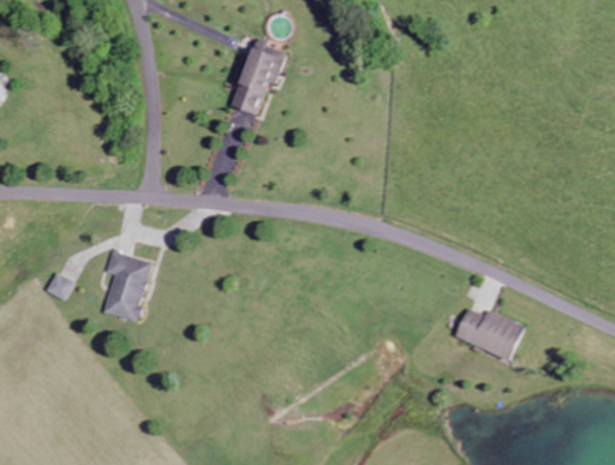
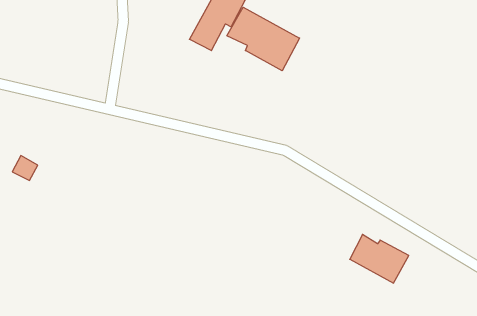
building: none -> [227,7,300,71]
building: [105,251,154,322] -> none

